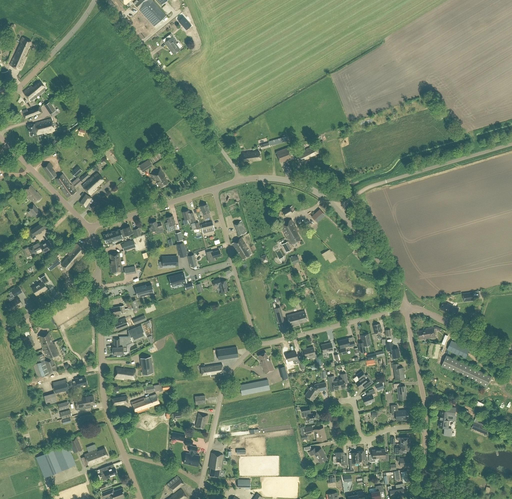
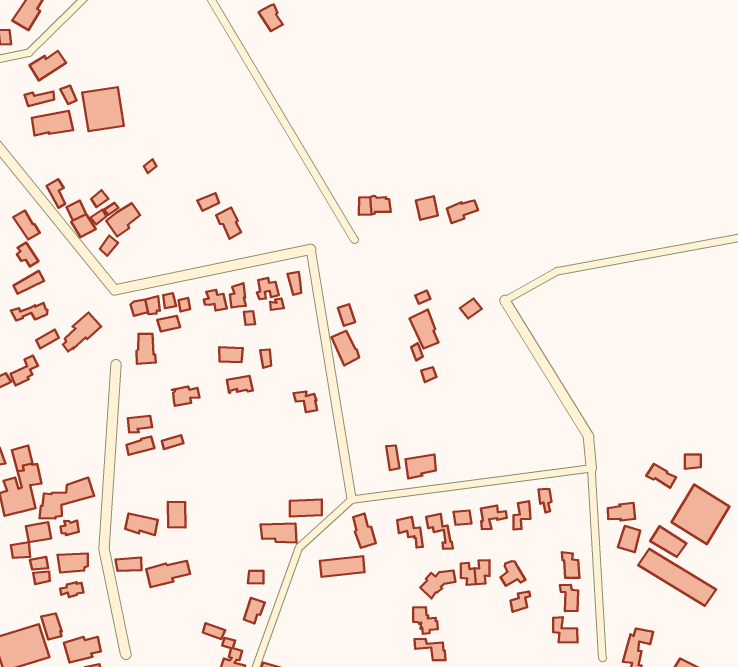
building: none -> [82,87,124,131]
building: none -> [671,484,730,544]
building: [113,325,146,354] -> [40,478,94,518]

